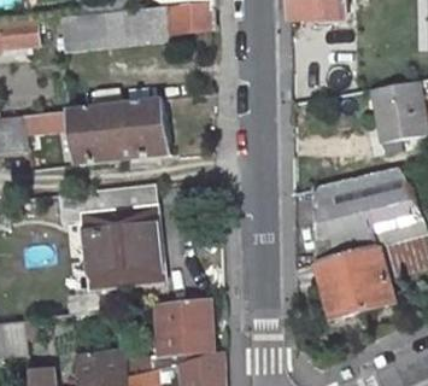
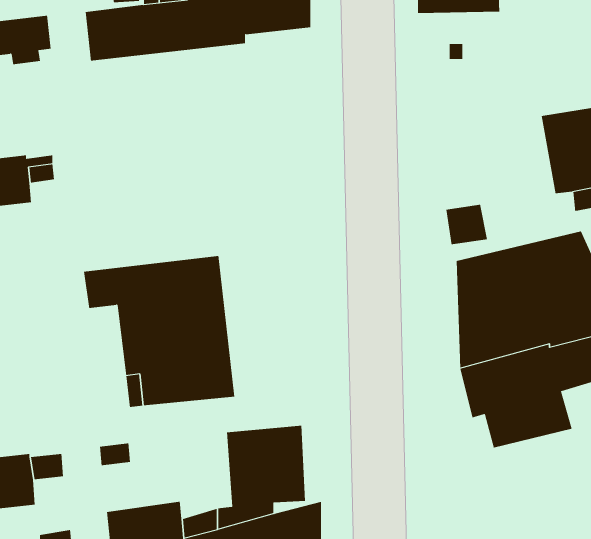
building: [66,99,166,165] -> none

